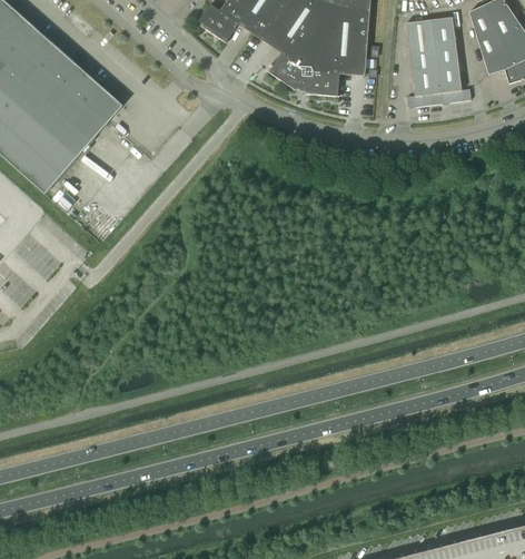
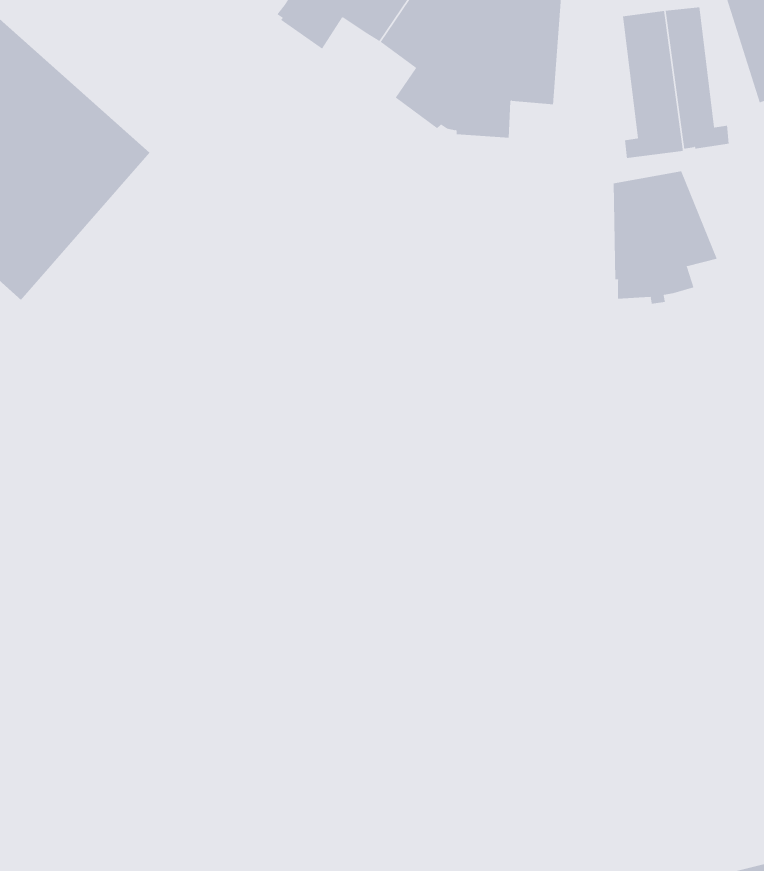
building: none -> [613,171,717,305]

